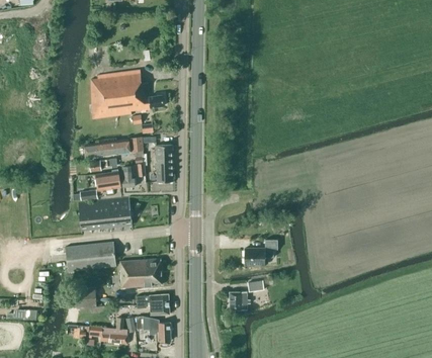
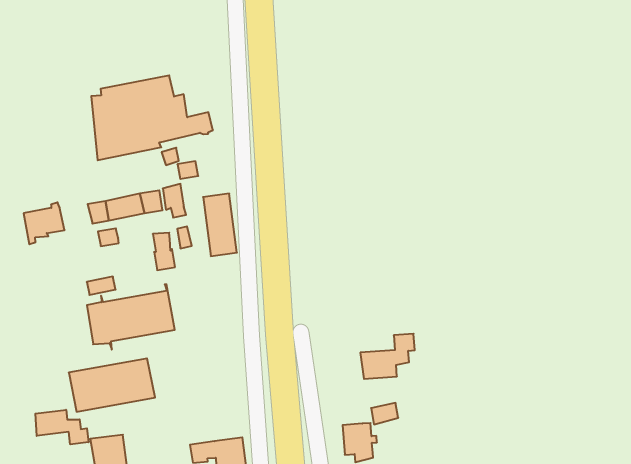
building: [96,169,120,193] -> [24,202,65,244]
building: [120,259,162,288] -> none
building: none -> [35,410,89,444]

